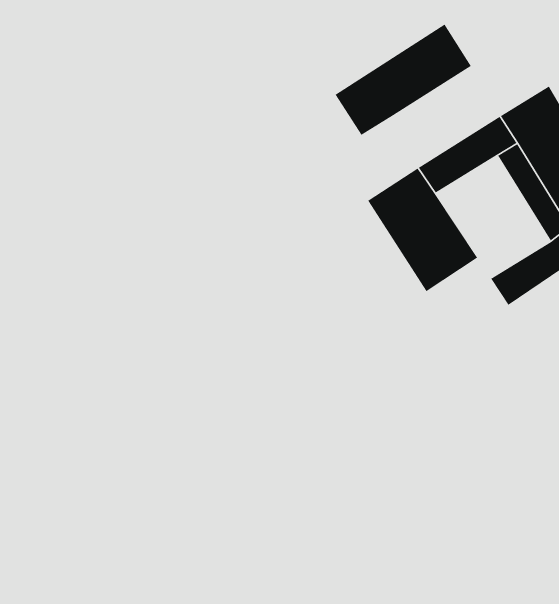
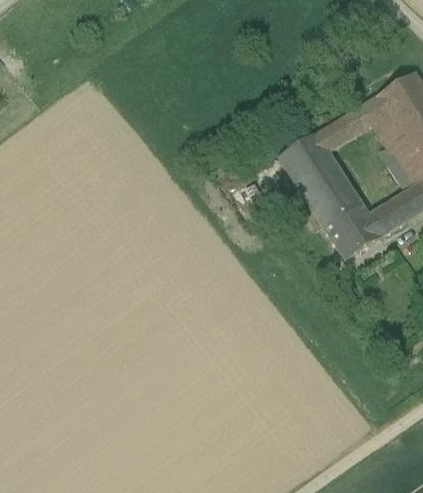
building: [334,23,472,136] -> none
building: none -> [321,199,382,257]

